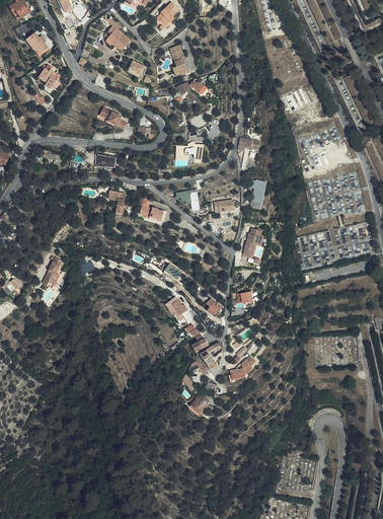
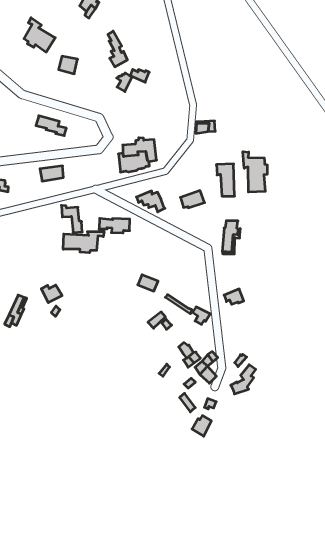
building: none -> [243,152,267,192]
building: none -> [63,231,104,253]

